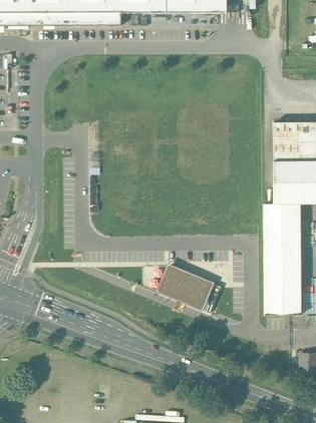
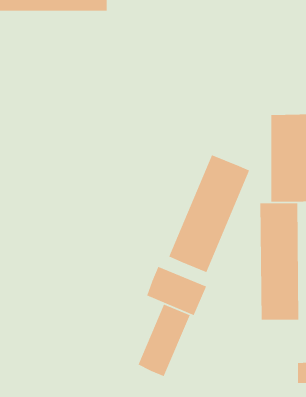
building: none -> [168,154,250,273]
building: none -> [138,304,191,377]

